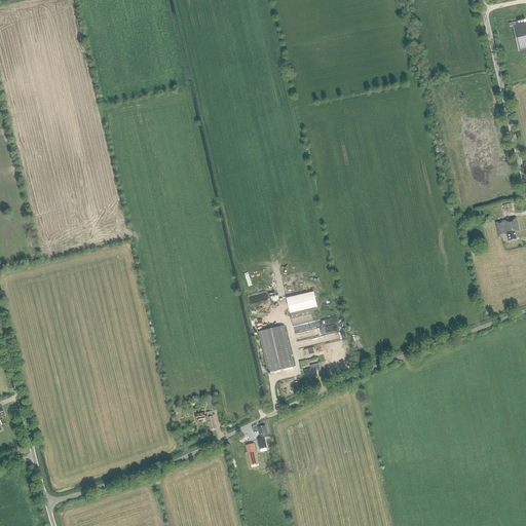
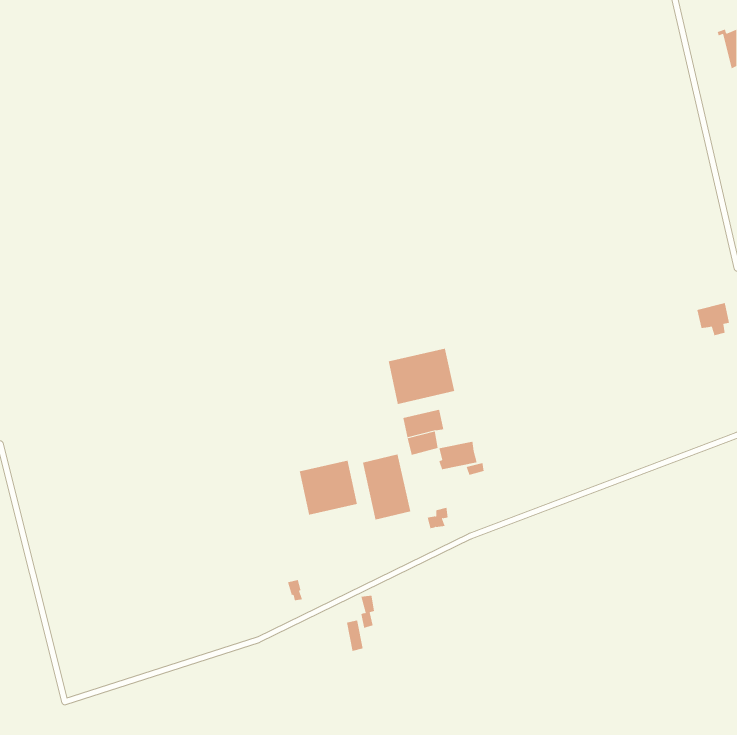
building: none -> [388,348,455,405]
building: none -> [299,460,357,516]

